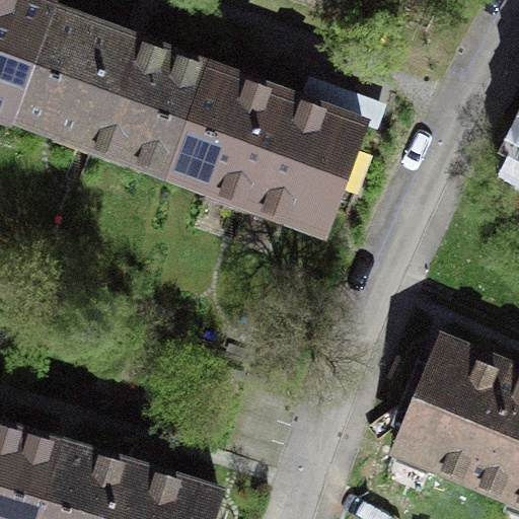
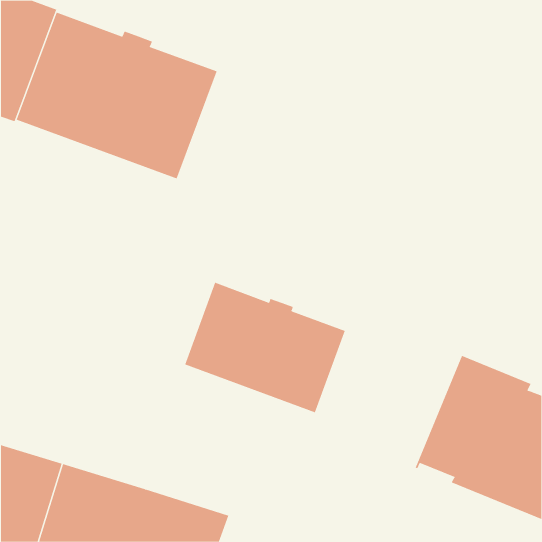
building: [169,68,364,229] -> none
building: none -> [184,282,345,413]

